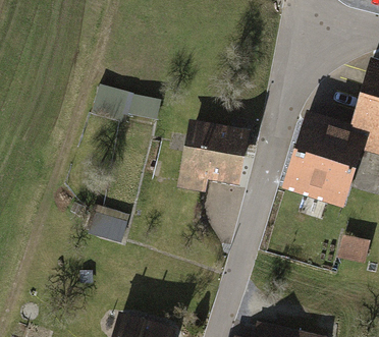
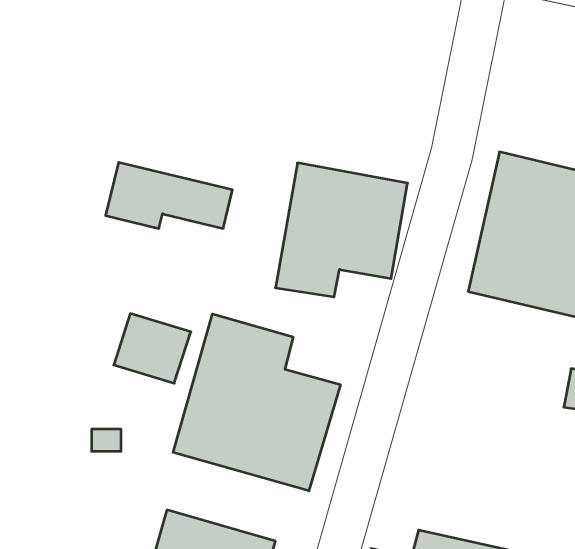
building: [92,85,162,121] -> [106,162,232,228]
building: none -> [173,314,340,491]

